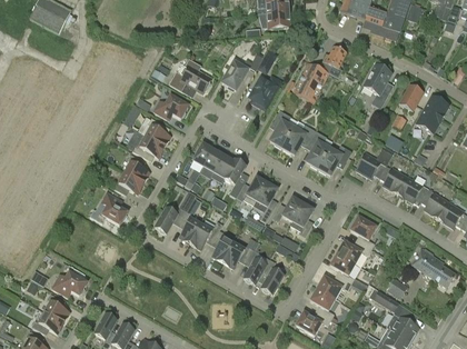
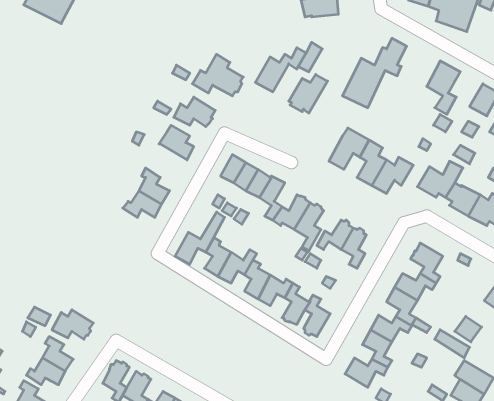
building: [270,110,294,148] -> none
building: [132,133,165,160] -> none
building: [101,192,128,225] -> none

